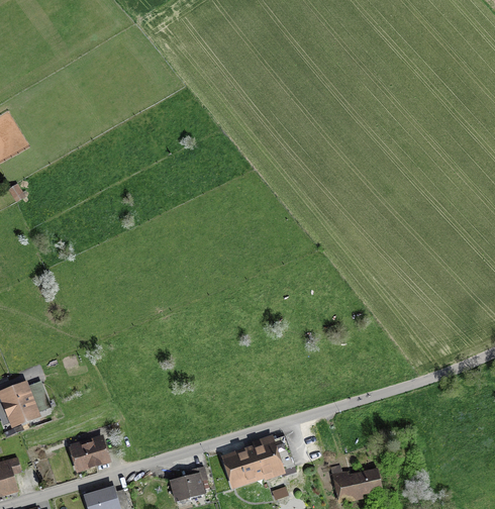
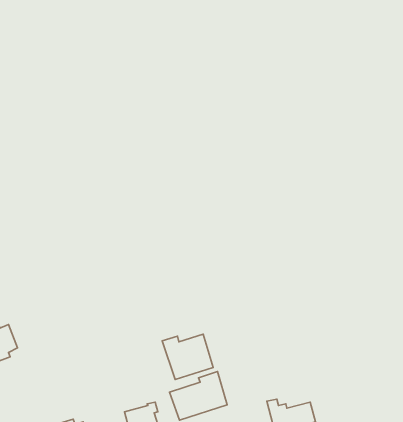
building: none -> [162,334,213,380]
building: [68,435,111,474] -> none

